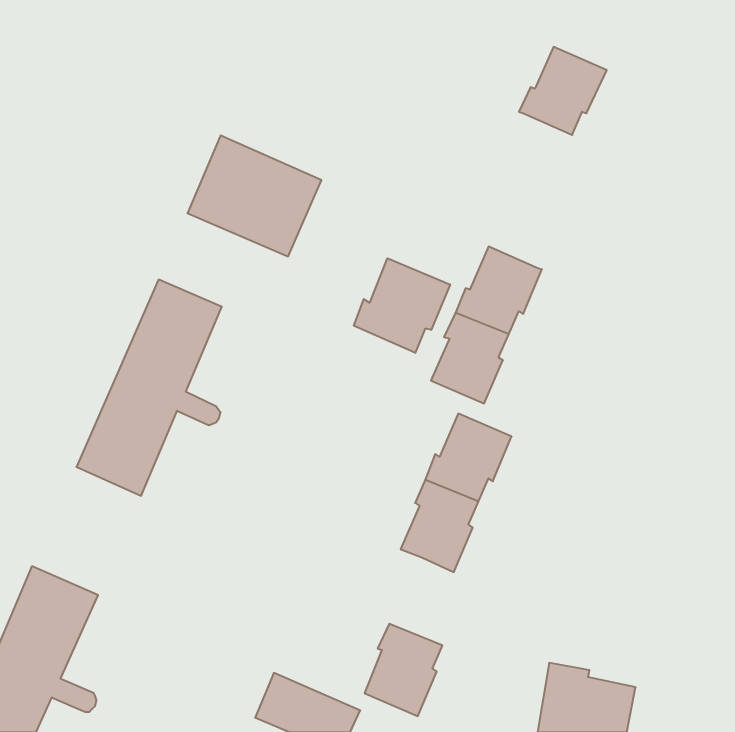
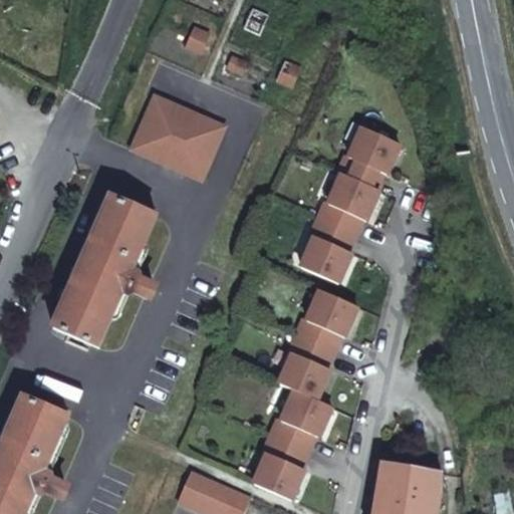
building: [519,47,607,135] -> [337,125,399,187]
building: [354,258,450,353] -> none
building: none -> [271,389,331,450]

